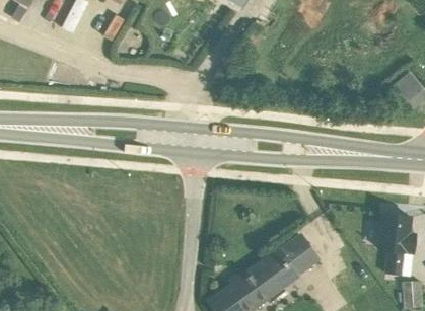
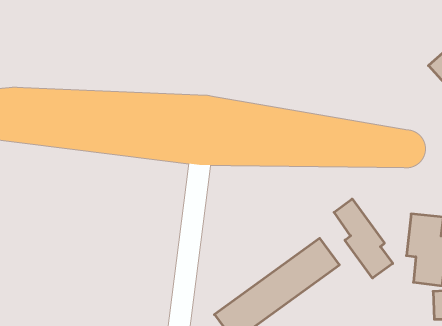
building: none -> [334,199,393,278]

